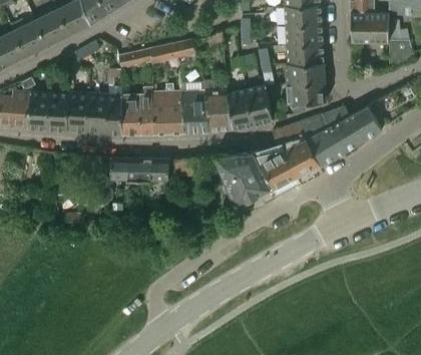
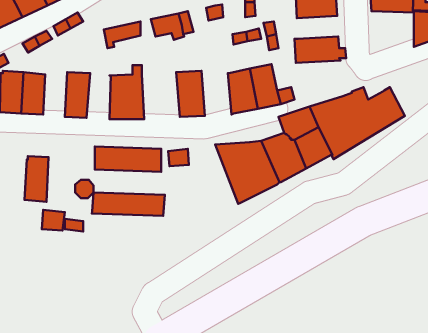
building: [288,43,324,63] -> none
building: [204,79,231,130] -> none
building: [287,82,327,113] -> none
building: [152,83,185,133] -> none
building: [66,91,87,131] -> [25,156,49,202]
building: [104,93,125,133] -> none
building: none -> [92,193,165,216]

